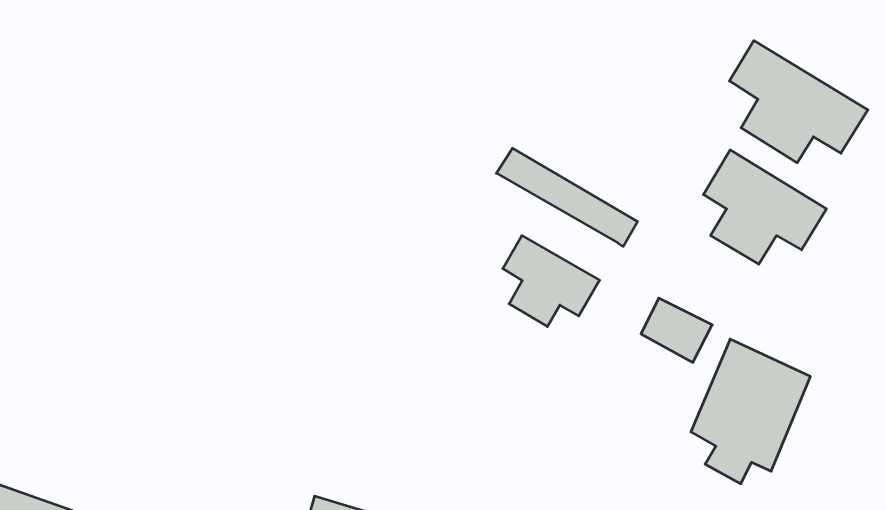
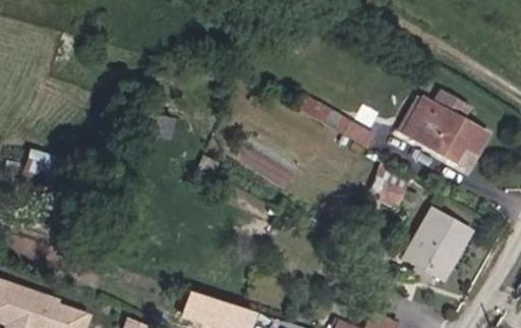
building: [729,41,868,163] -> none
building: [503,236,600,327] -> none

